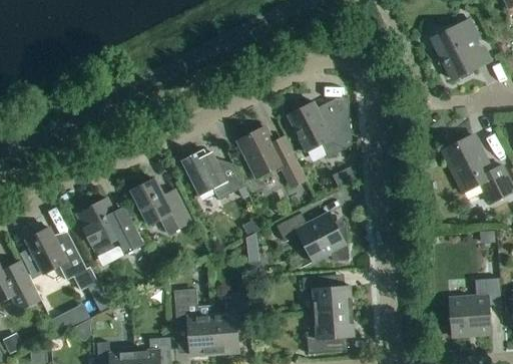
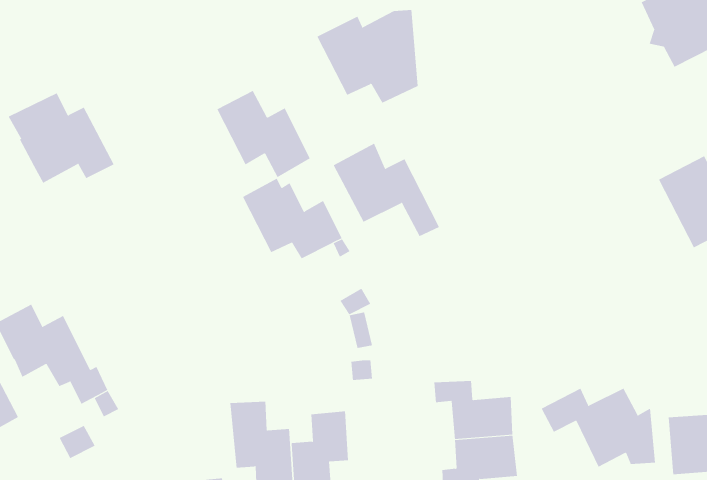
building: [287,97,351,156] -> [316,9,419,104]
building: [130,178,189,234] -> [217,90,311,178]
building: [75,199,142,256] -> [8,93,115,184]
building: [276,213,348,263] -> [541,388,656,468]

